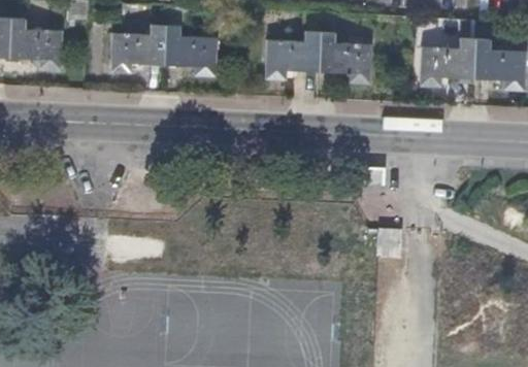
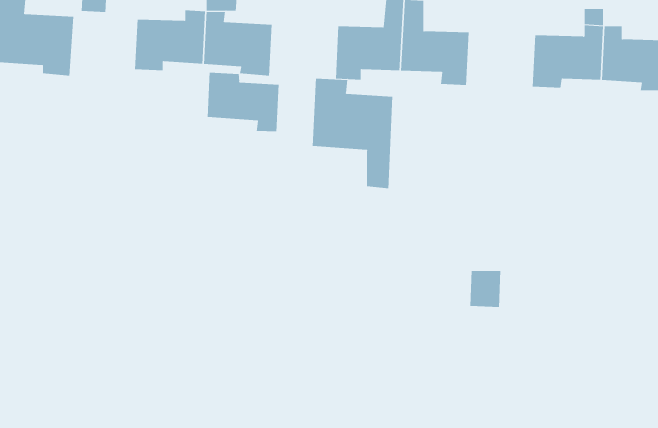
building: none -> [207,72,279,132]
building: none -> [312,78,393,189]

